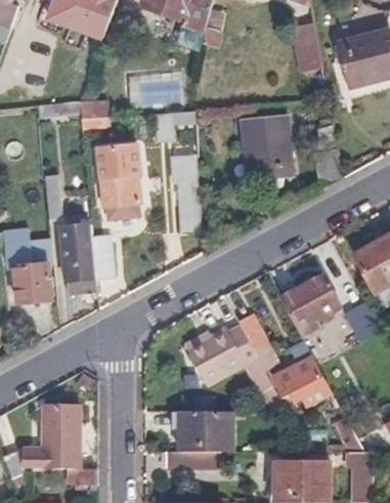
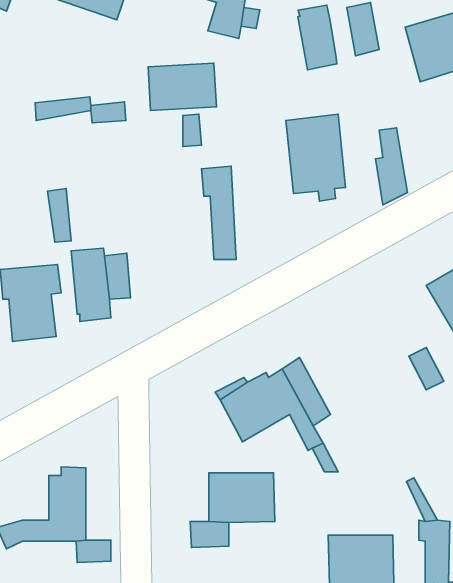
building: none -> [298,5,337,70]
building: [96,149,141,218] -> none
building: [281,276,338,335] -> none
building: [273,354,333,404] -> none

